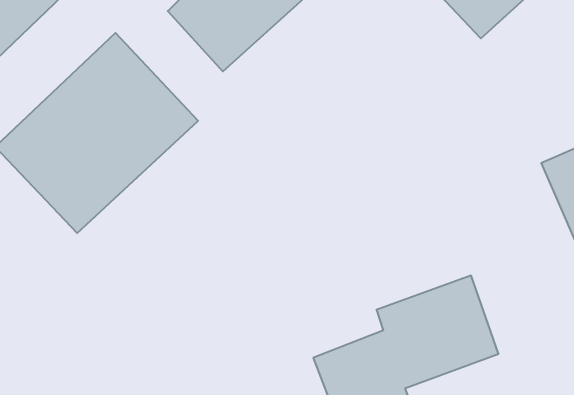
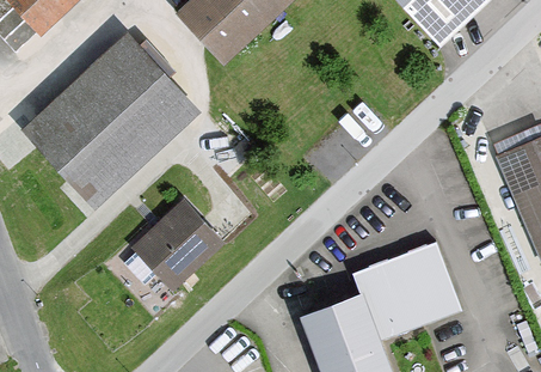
building: none -> [134,199,228,293]

